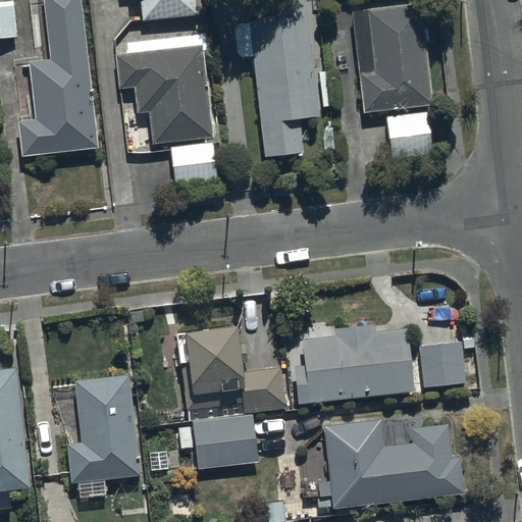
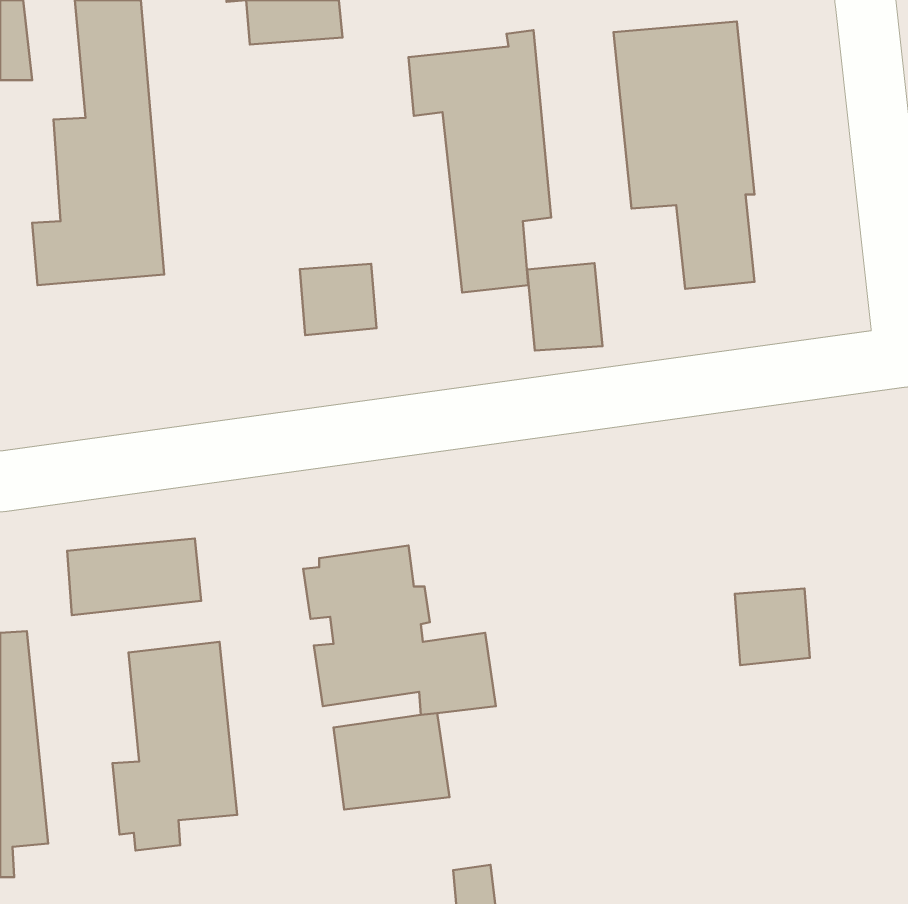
building: [118,44,215,158] -> none
building: none -> [527,263,603,351]
building: none -> [67,538,201,615]
building: [294,320,415,401] -> none
building: [318,417,463,504] -> none

